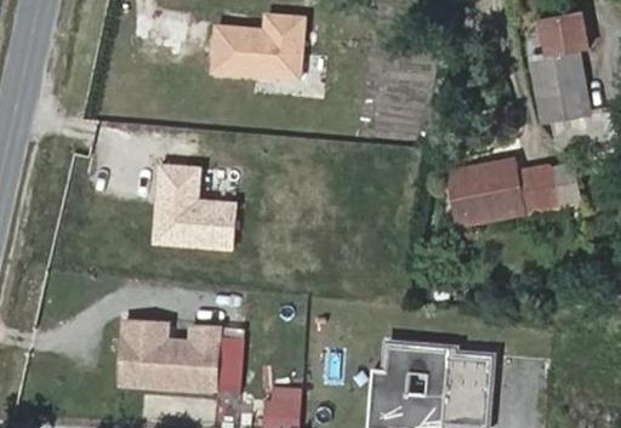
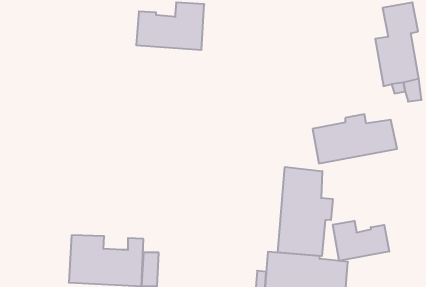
building: [150,169,232,255] -> none
building: none -> [278,167,333,256]
building: none -> [333,221,389,261]

